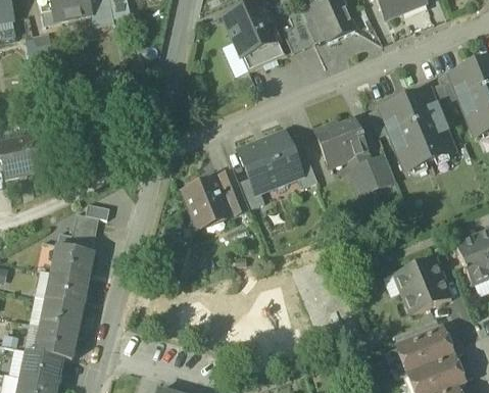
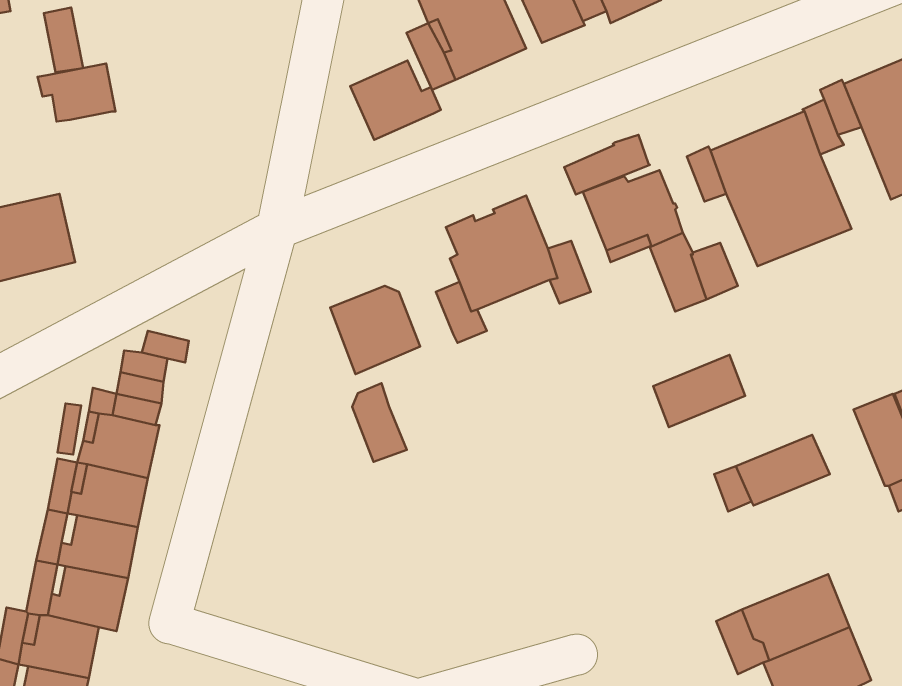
building: none -> [350,60,441,140]
building: none -> [38,64,116,122]
building: none -> [564,135,650,195]
building: [218,169,247,210] -> [352,383,407,462]
building: [403,277,451,314] -> [653,355,745,427]

